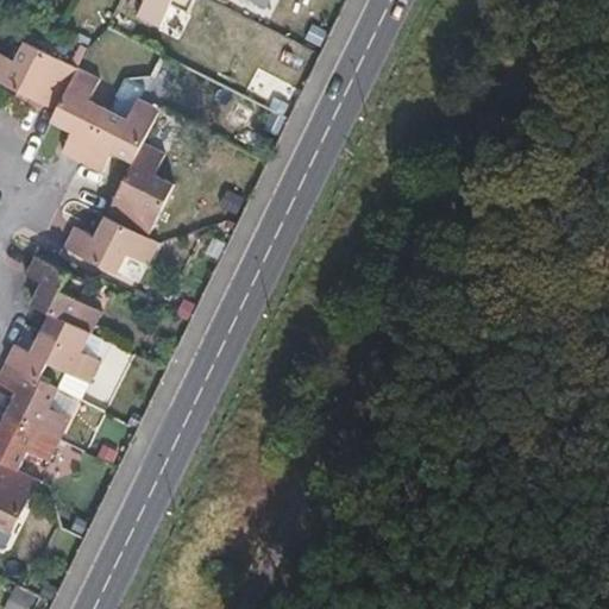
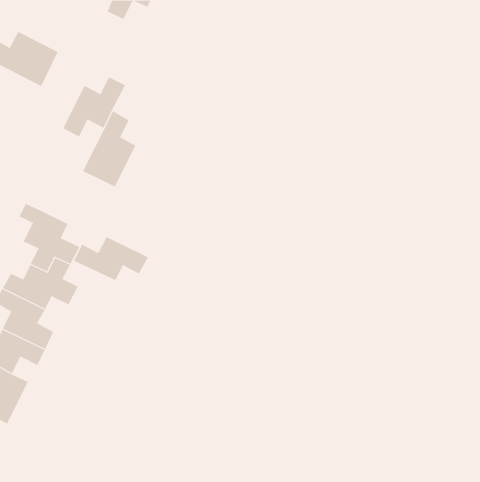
building: [46,67,106,163] -> none
building: [62,216,157,272] -> [73,236,149,281]

